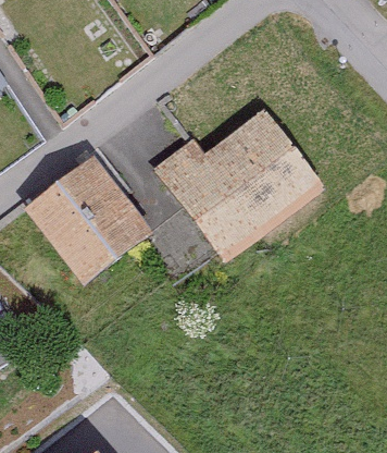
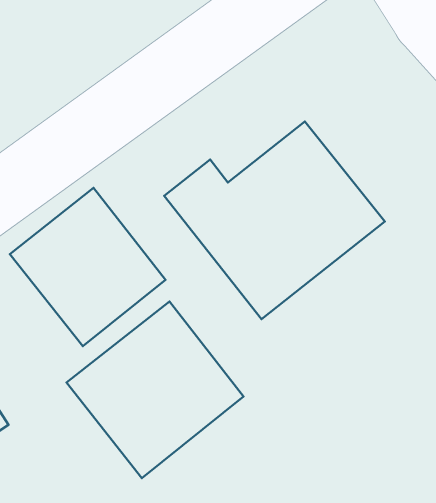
building: none -> [66,301,243,478]

